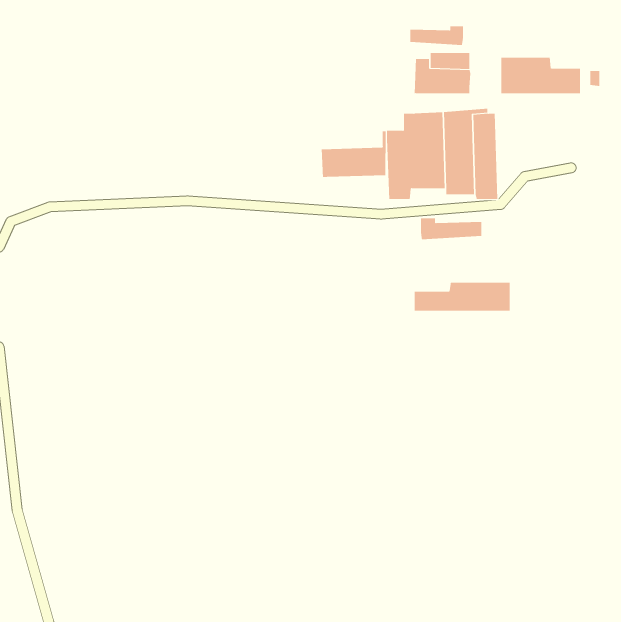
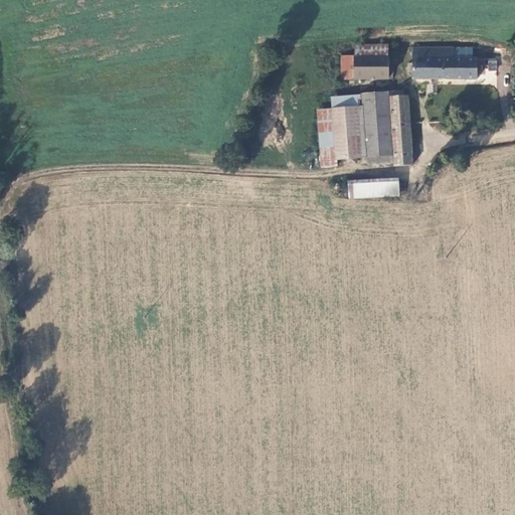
building: [410,25,463,46] -> none
building: [321,131,386,178] -> none
building: [414,282,510,312] -> none

